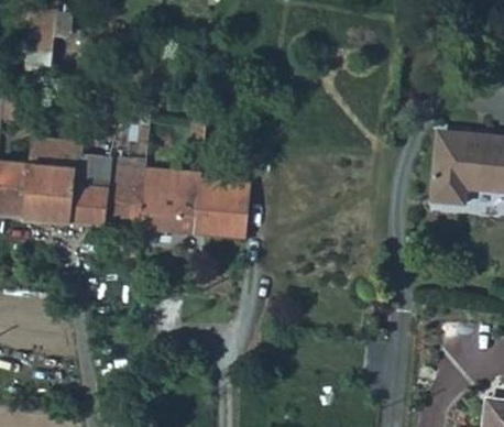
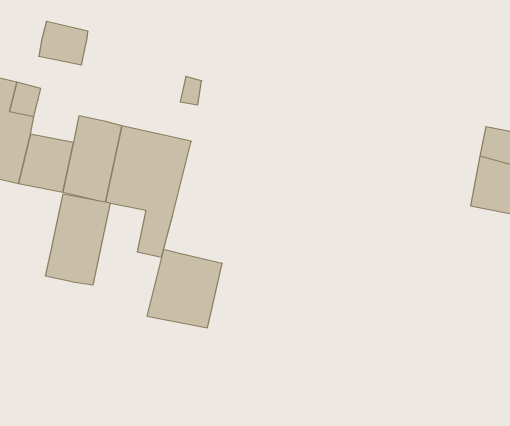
building: [72,152,109,184] -> [39,21,88,65]
building: [193,179,249,239] -> [147,249,222,328]
building: none -> [46,194,110,285]

